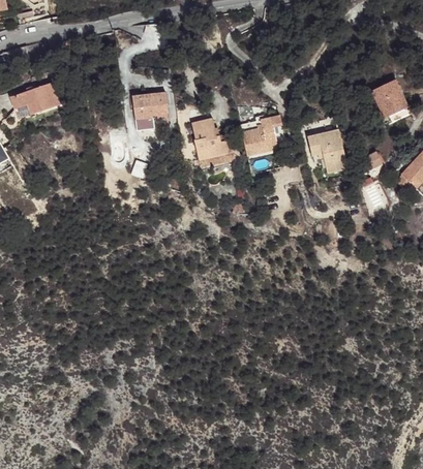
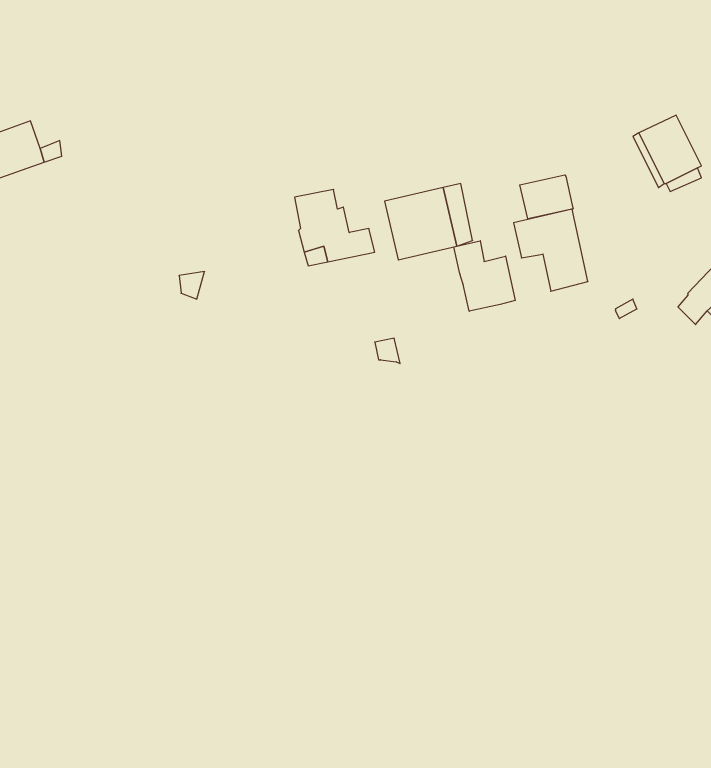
building: [131,92,168,129] -> none
building: none -> [520,175,573,219]
building: none -> [454,241,515,311]

